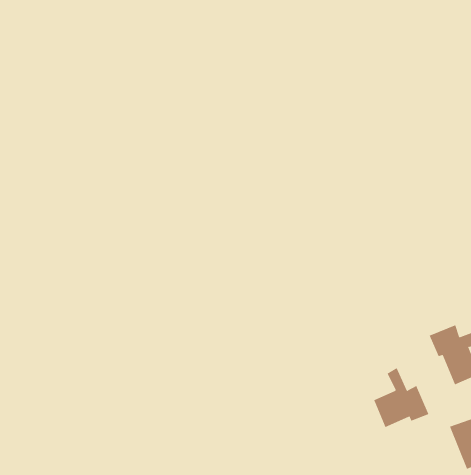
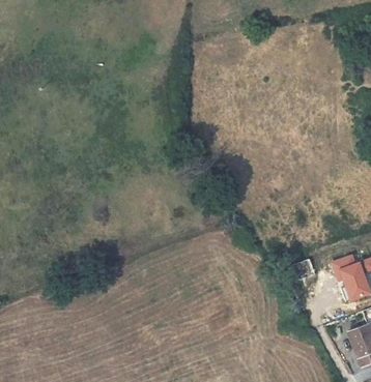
building: [373,367,429,428] -> none

